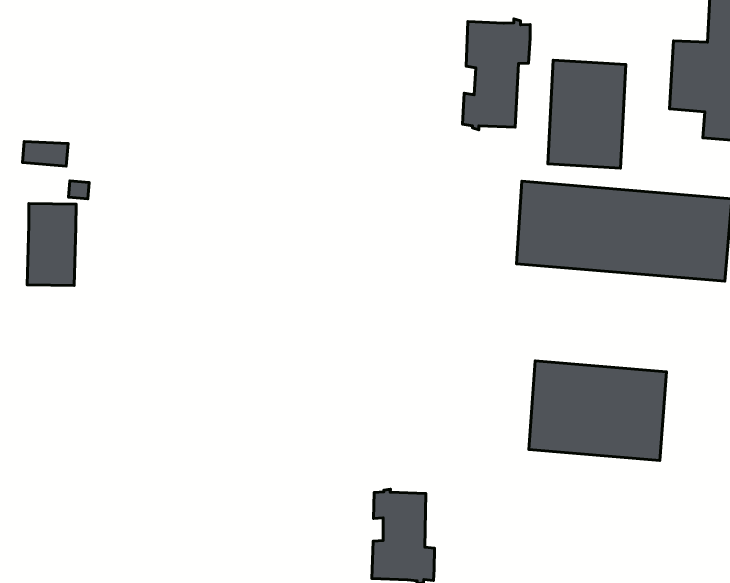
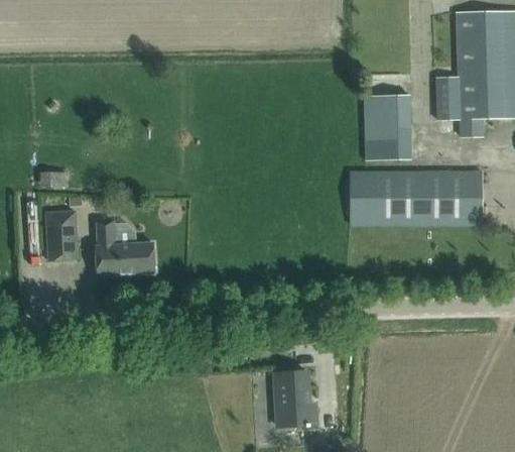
building: [463,19,530,130] -> none
building: none -> [96,220,154,273]
building: [529,361,667,461] -> none

